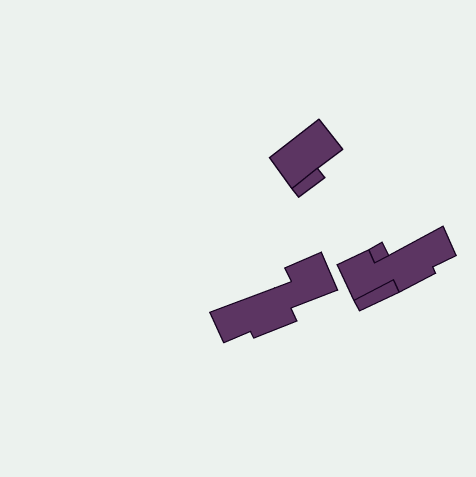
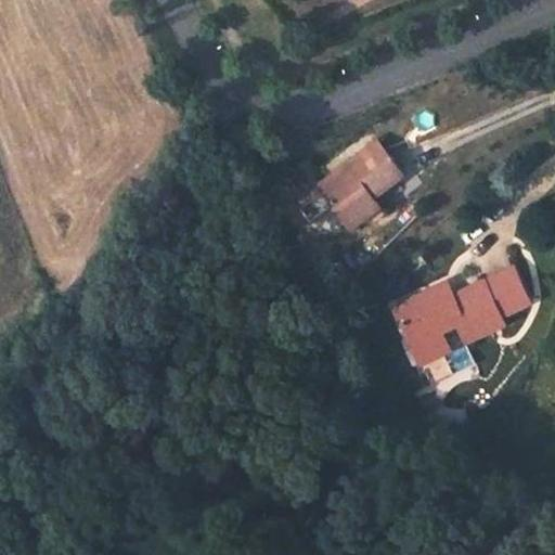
building: [210,252,338,343] -> none

